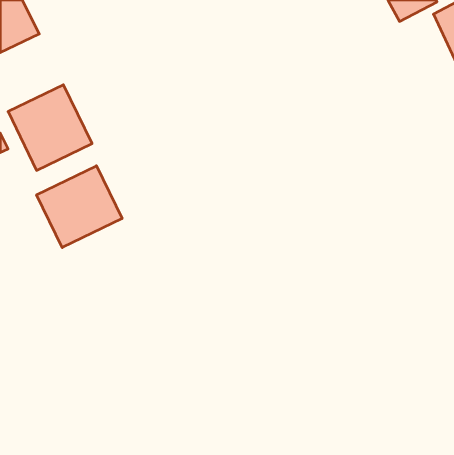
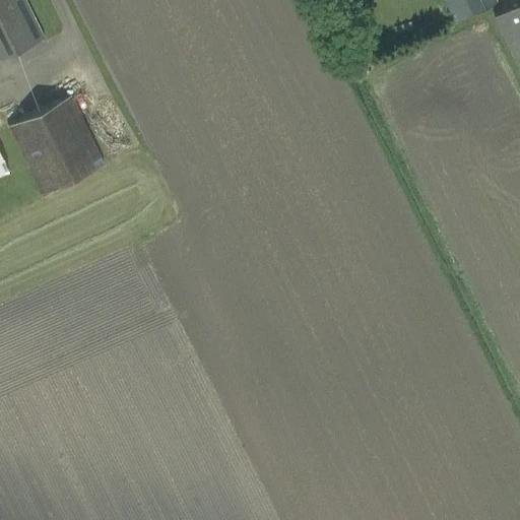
building: [37,166,122,248] -> none

